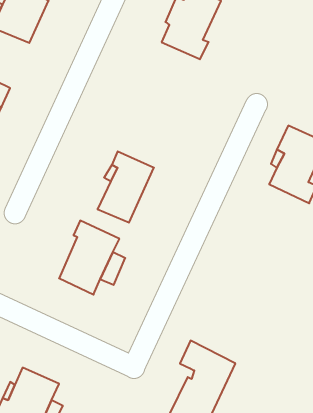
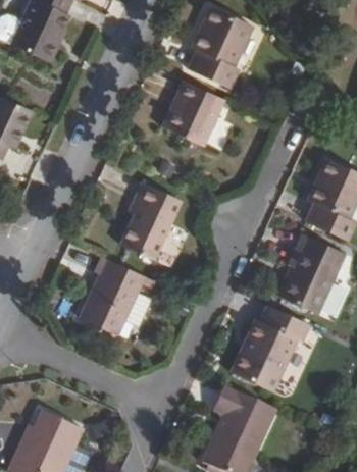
building: none -> [165,81,226,145]
building: none -> [276,233,342,313]
building: none -> [228,305,306,390]

